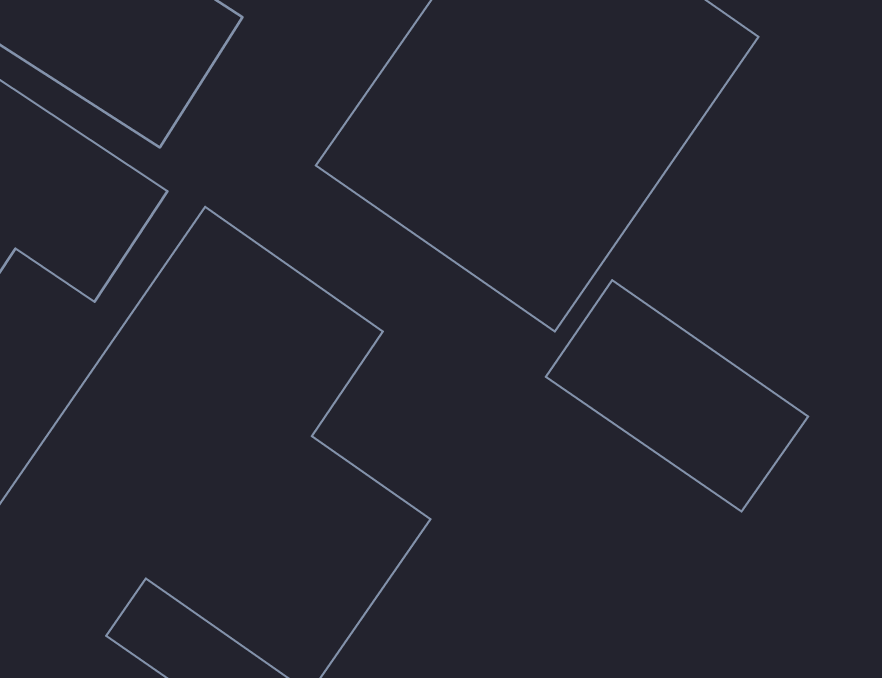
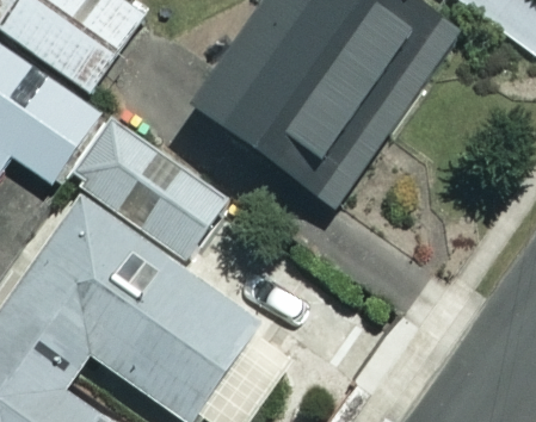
building: [546,280,808,512] -> none

